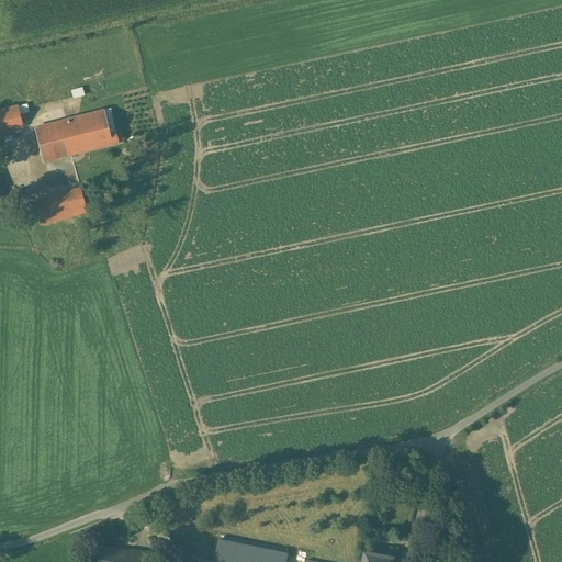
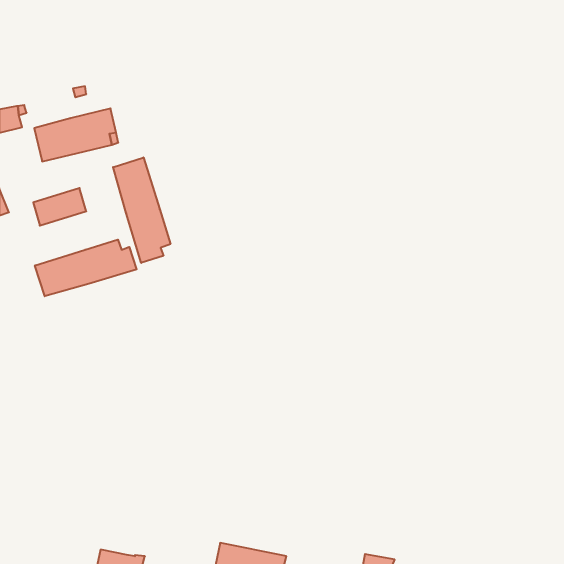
building: none -> [113,157,170,263]
building: none -> [35,240,137,296]

